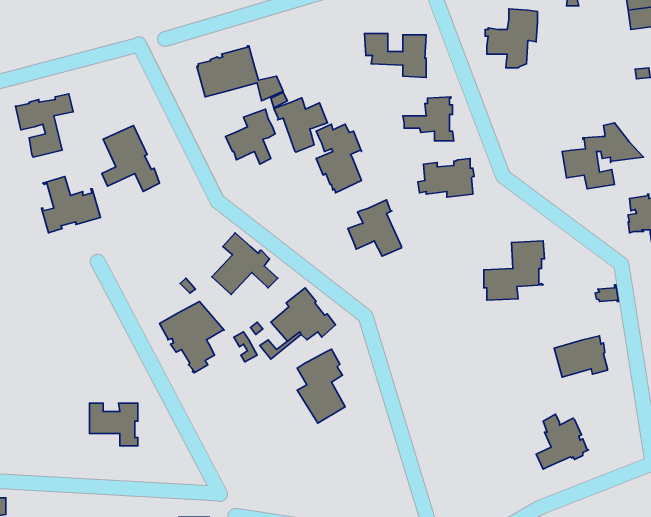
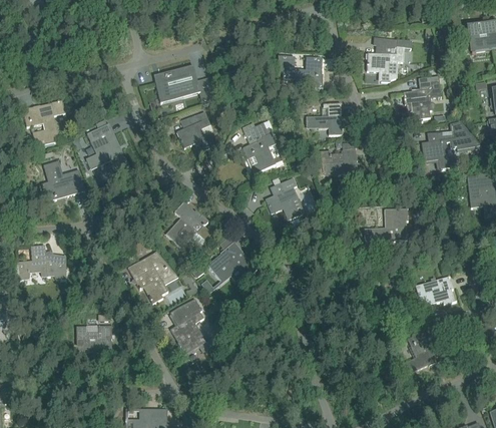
building: none -> [403,75,440,121]
building: [274,98,328,152] -> none
building: none -> [17,244,65,279]
building: [297,349,345,423] -> [169,298,204,352]

